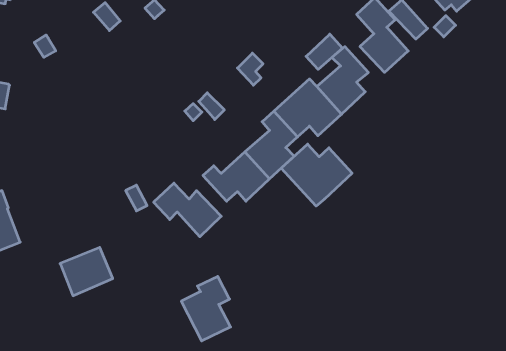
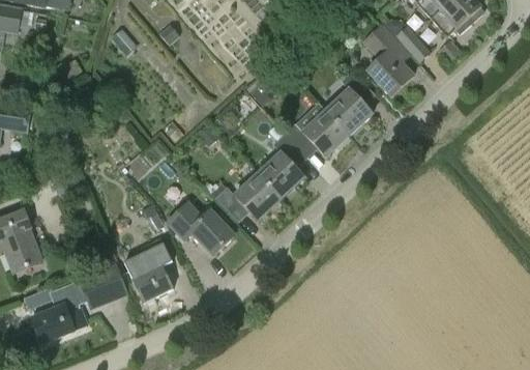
building: [306,34,343,69] -> none
building: [281,144,352,206] -> none
building: none -> [29,286,86,343]
building: [181,276,231,341] -> [124,238,172,301]

